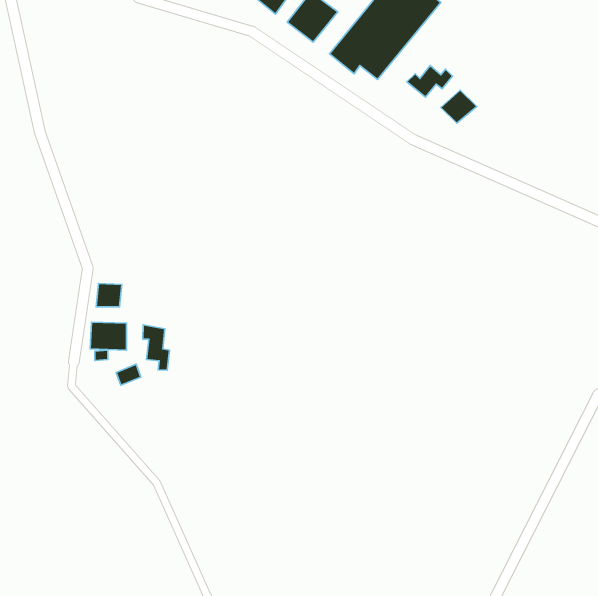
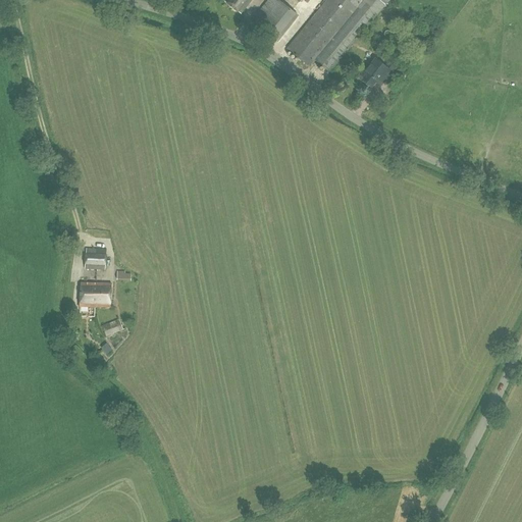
building: [441,90,477,123] -> none
building: [143,325,169,370] -> none

